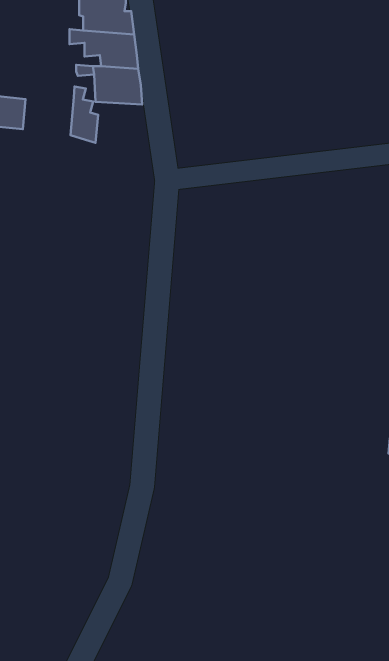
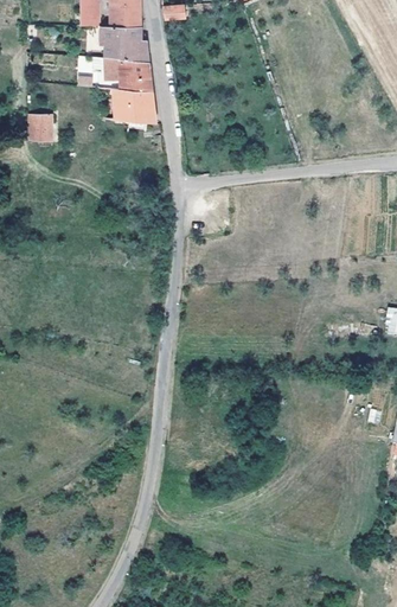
building: [70,87,98,143] -> none

